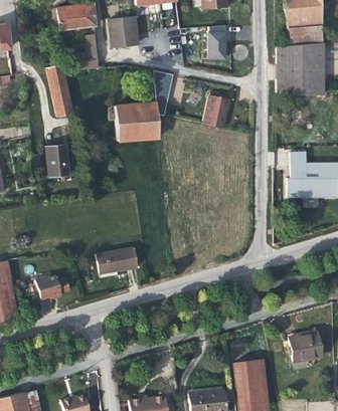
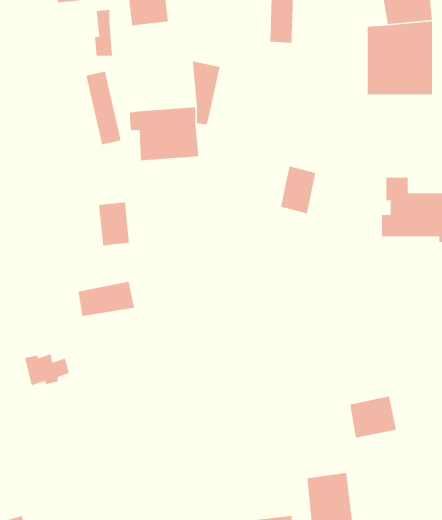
building: [47,64,72,117] -> [86,71,121,145]
building: [204,94,229,129] -> [280,165,316,214]
building: [46,145,68,176] -> [98,202,130,246]
building: [97,247,137,272] -> [78,281,135,317]
building: [289,332,322,362] -> [349,396,397,439]

